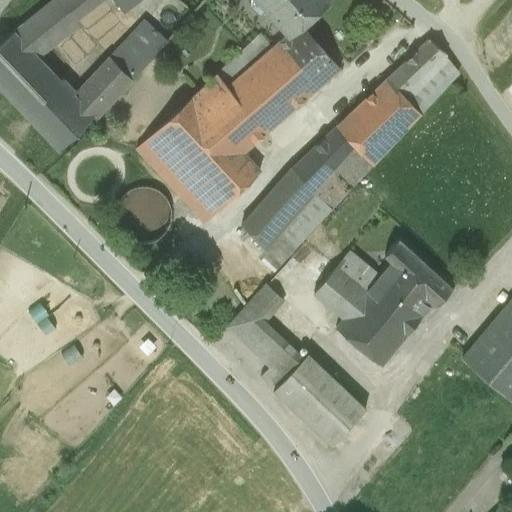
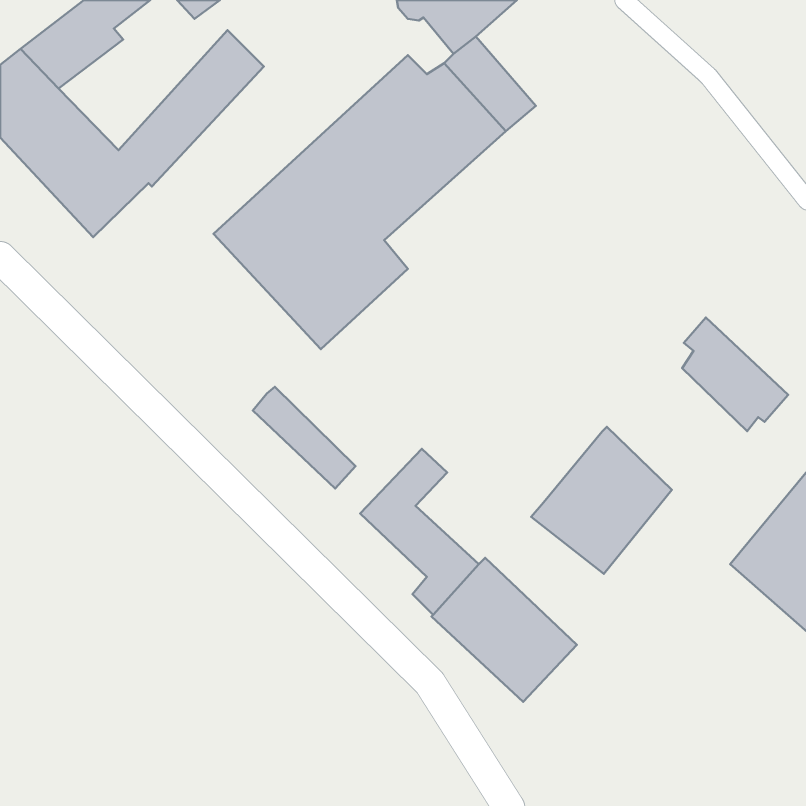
building: [243,39,459,271] -> none
building: [385,239,452,311] -> [682,318,788,431]
building: none -> [253,387,356,489]
building: [314,249,382,319] -> none

